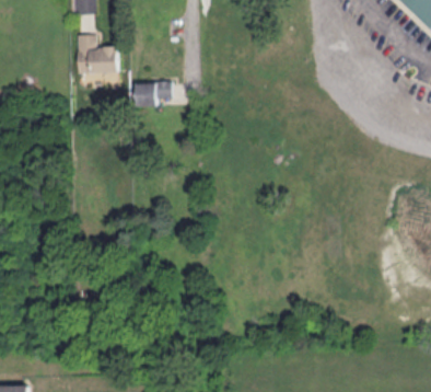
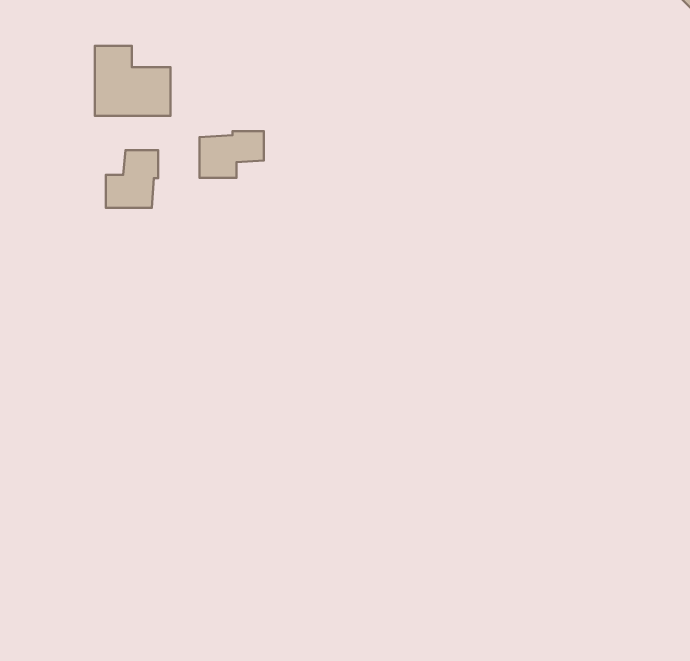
building: none -> [106,150,158,208]

